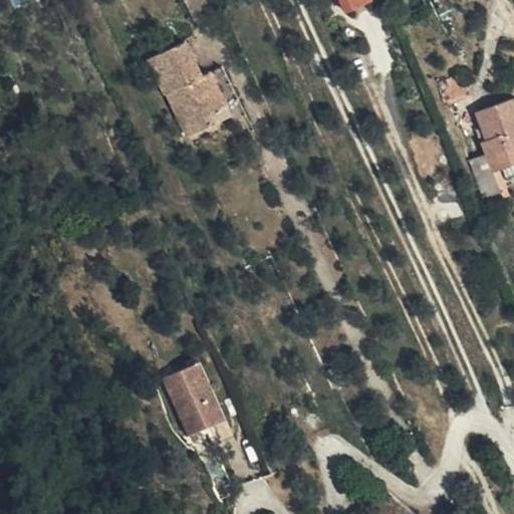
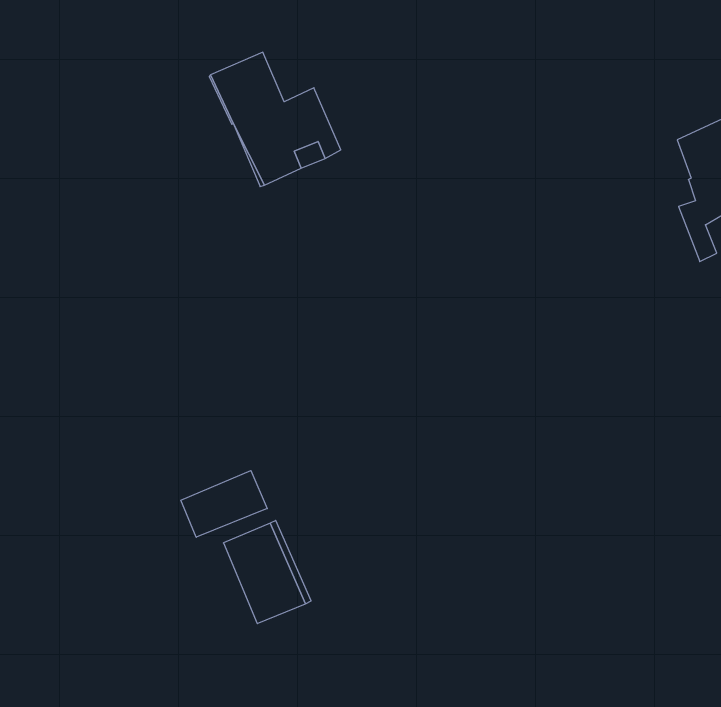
building: none -> [181,471,267,537]

